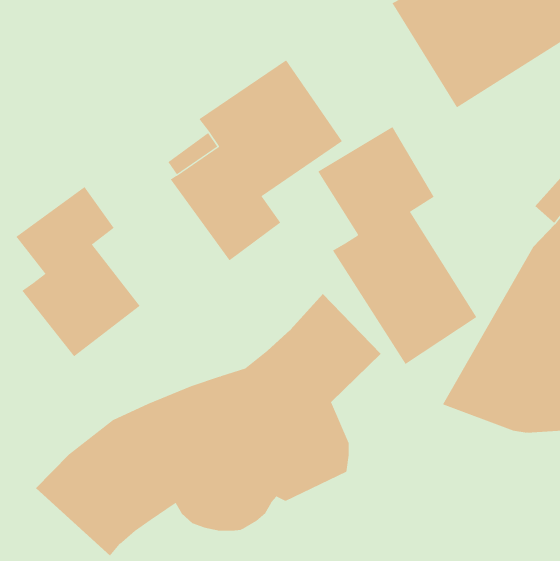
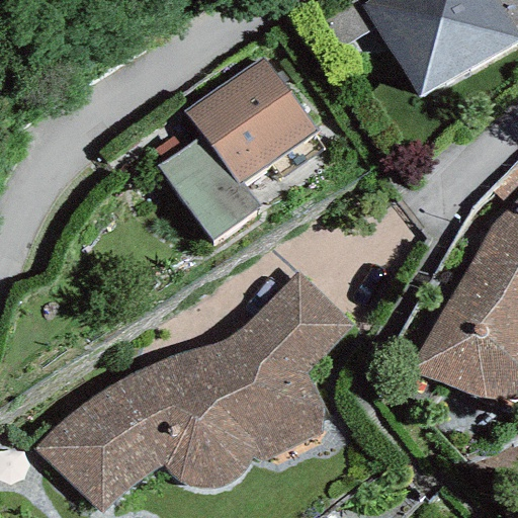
building: [317,126,477,365] -> none
building: [16,186,141,357] -> none

